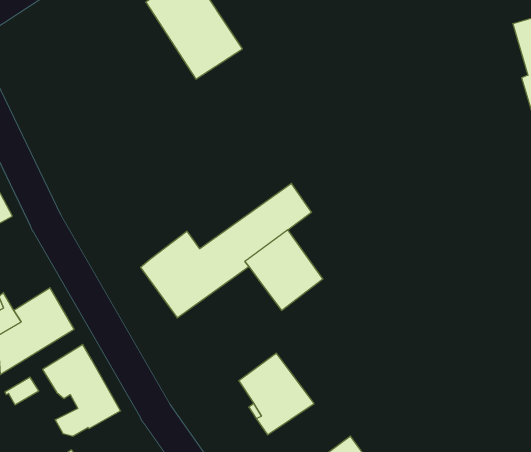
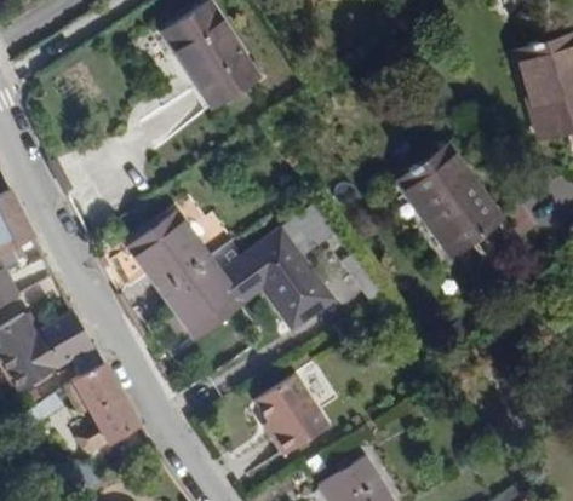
building: none -> [397,143,511,265]
building: none -> [128,215,204,289]

